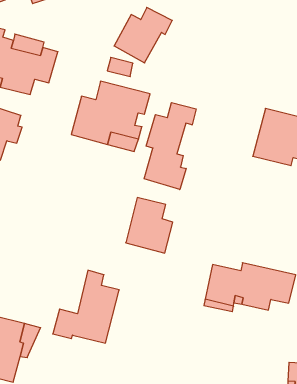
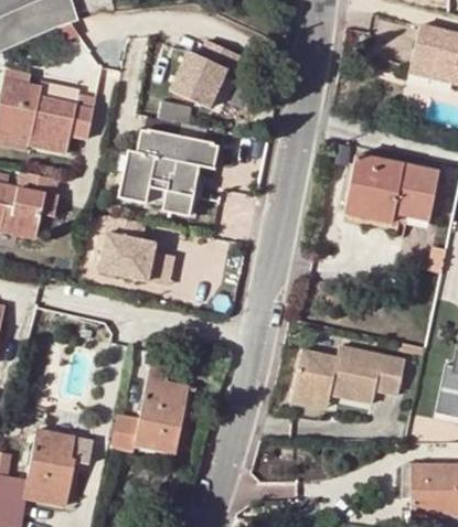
building: [144,103,196,190] -> none
building: [126,198,173,253] -> [98,215,155,281]

